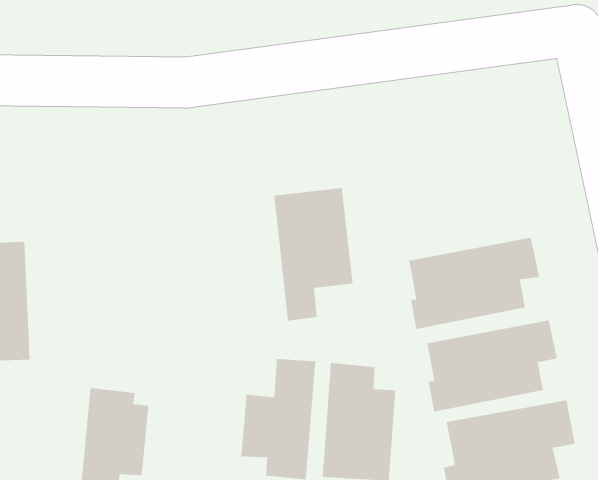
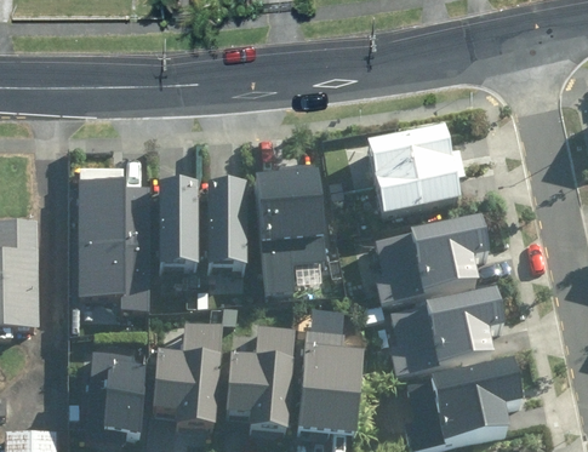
building: none -> [367,130,462,221]
building: none -> [78,179,149,309]
building: none -> [156,185,199,268]
building: none -> [205,185,245,268]
building: none -> [153,320,222,427]

